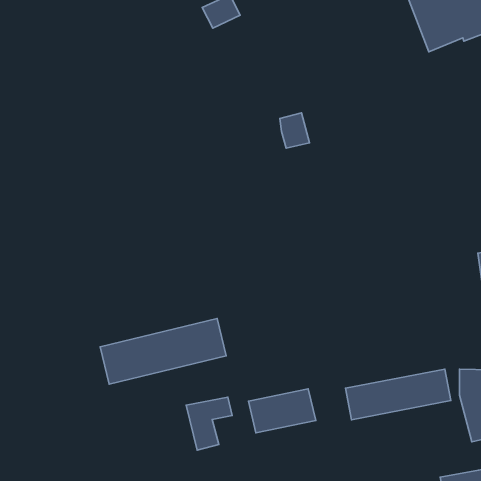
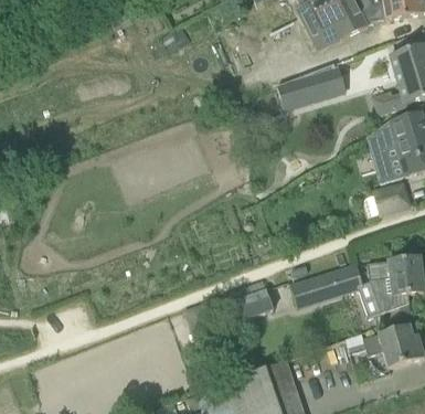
building: none -> [276,63,343,106]
building: [100,319,226,384] -> none

